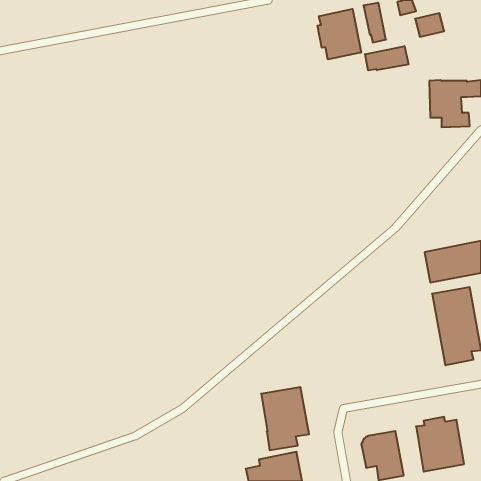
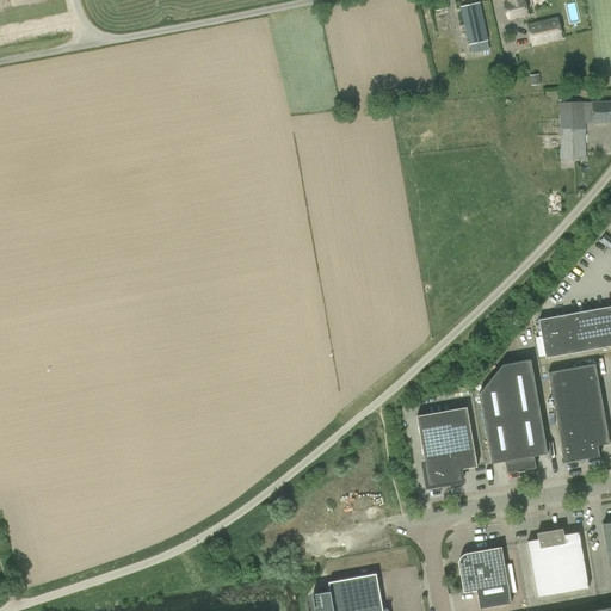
building: [318,9,361,59] -> none
building: [365,46,408,70] -> none
building: none -> [479,359,548,473]
building: [261,387,309,450] -> [416,407,477,487]

